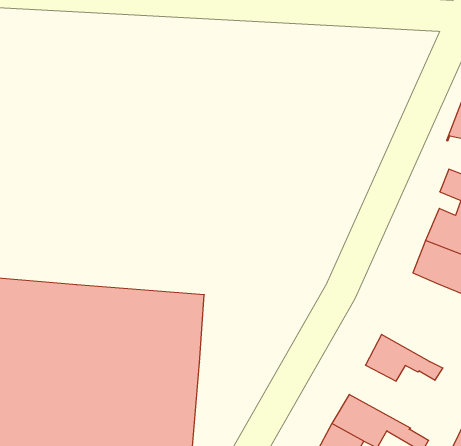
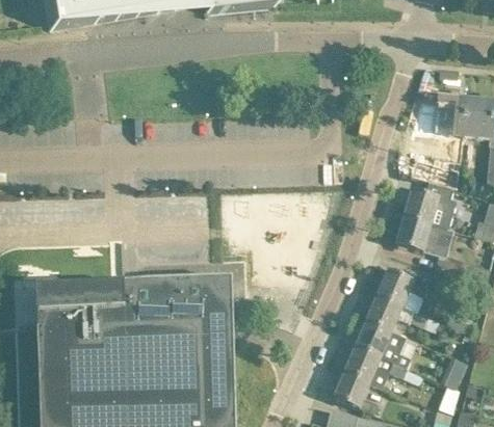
building: none -> [376,268,428,312]
building: none -> [356,320,412,367]

